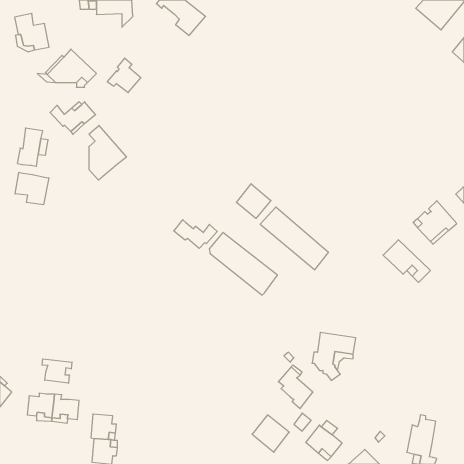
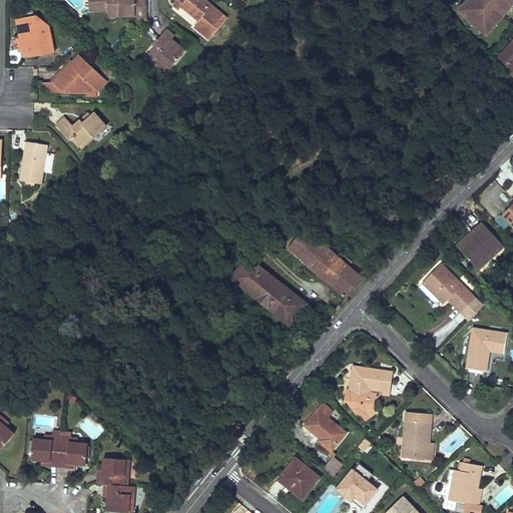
building: [107,58,141,93] -> [146,29,183,67]
building: [89,125,126,180] -> none
building: [15,172,49,205] -> none
building: [236,184,271,218] -> none
building: [174,220,217,248] -> none
building: none -> [467,329,506,371]
building: [42,359,72,383] -> none
building: none -> [402,412,430,459]

